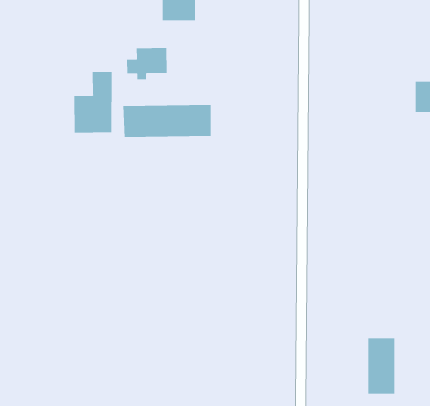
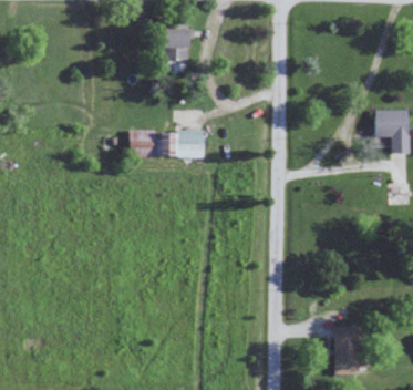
building: [127,47,167,80] -> none
building: [74,71,112,133] -> none

